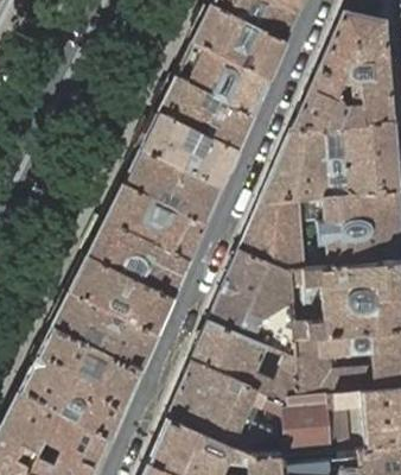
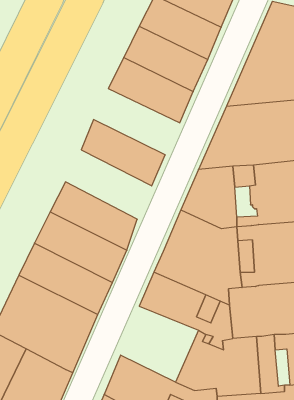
building: [136,113,235,189] -> none
building: [104,183,203,262] -> none
building: [167,362,256,449] -> none

